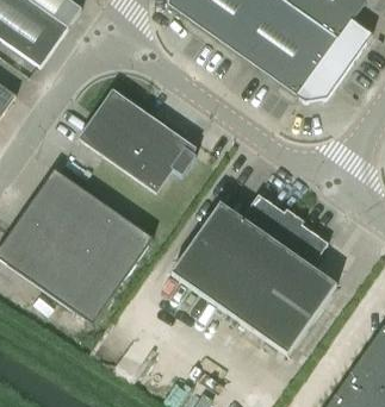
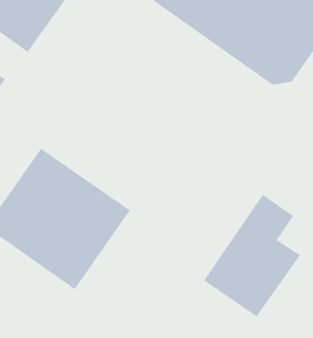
building: [80,93,195,190] -> none
building: [170,194,294,313] -> none

